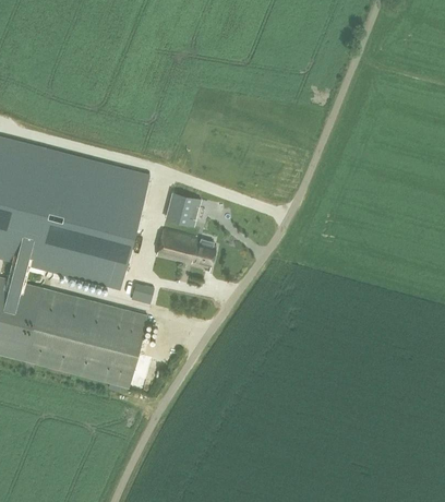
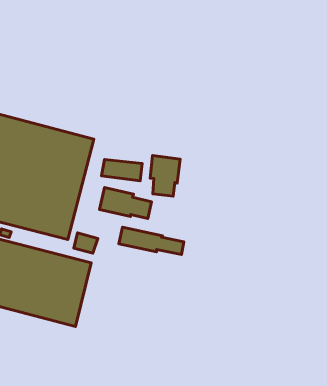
building: none -> [150,156,180,196]
building: none -> [119,227,184,254]

